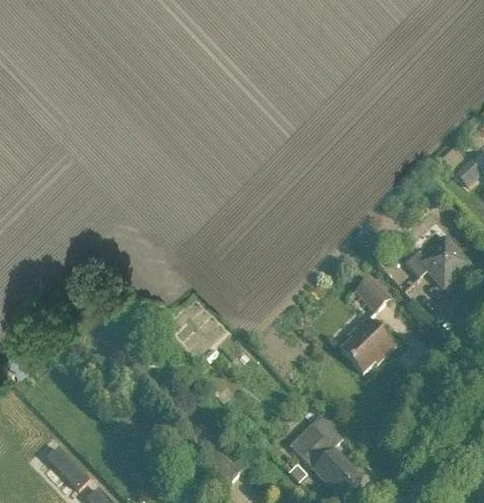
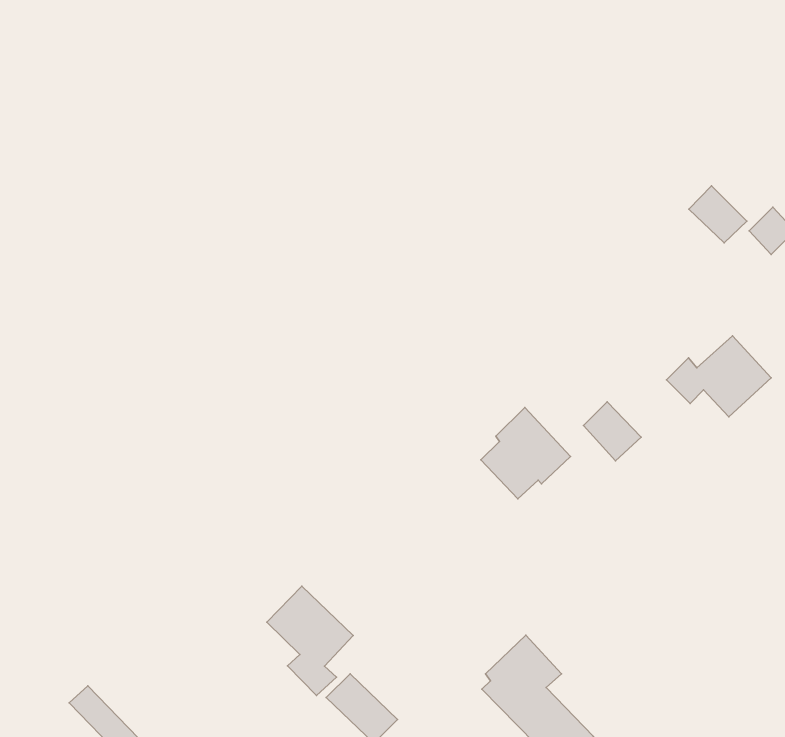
building: none -> [689,186,747,243]
building: [341,316,395,371] -> [481,408,570,499]
building: none -> [267,586,353,695]

